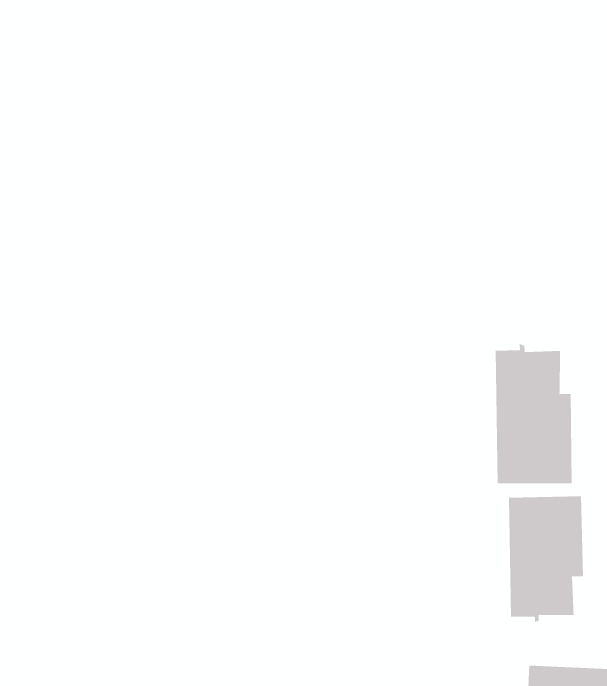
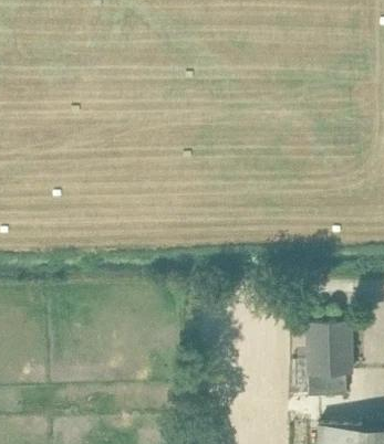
building: [495,343,572,484] -> none

